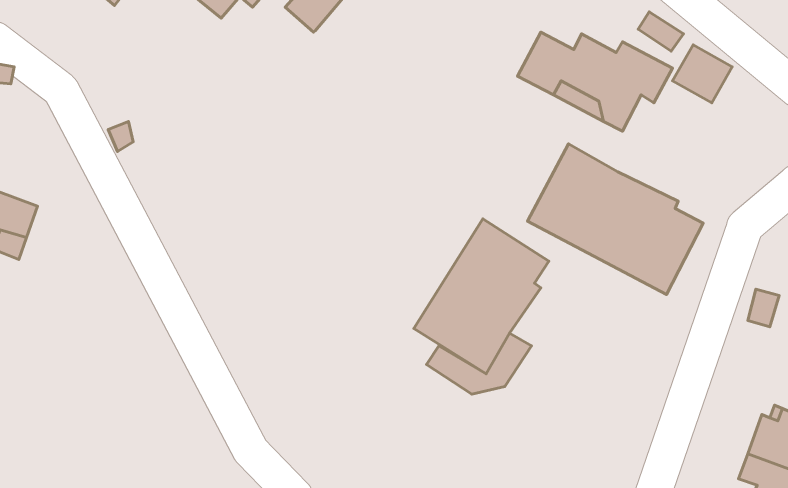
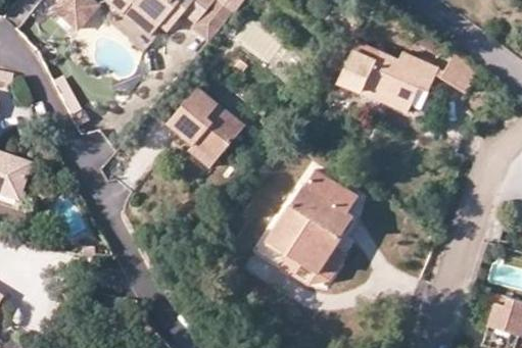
building: none -> [168,81,246,162]
building: [528,144,703,295] -> none

